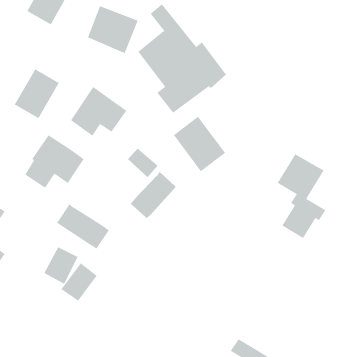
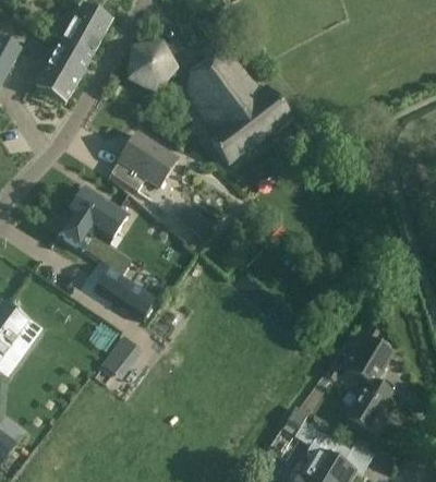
building: [14,69,60,119] -> [36,44,88,101]
building: [173,116,226,172] -> none
building: [277,153,326,239] -> [340,330,397,429]
building: [129,171,178,220] -> none

